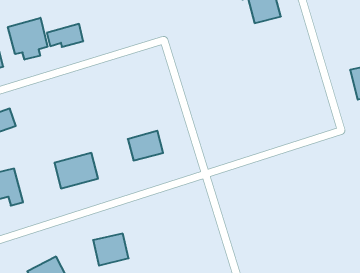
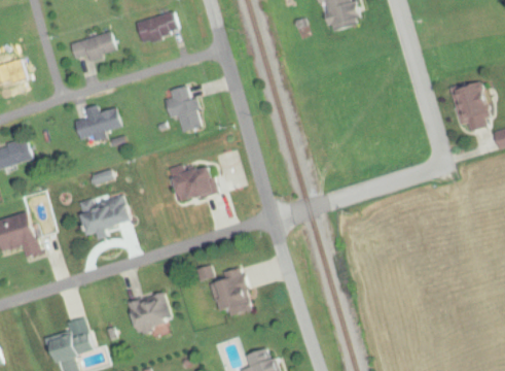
building: none -> [134,10,179,43]
building: [8,18,48,60] -> none
building: none -> [164,83,197,127]
building: none -> [74,107,120,139]
building: none -> [211,276,250,314]

